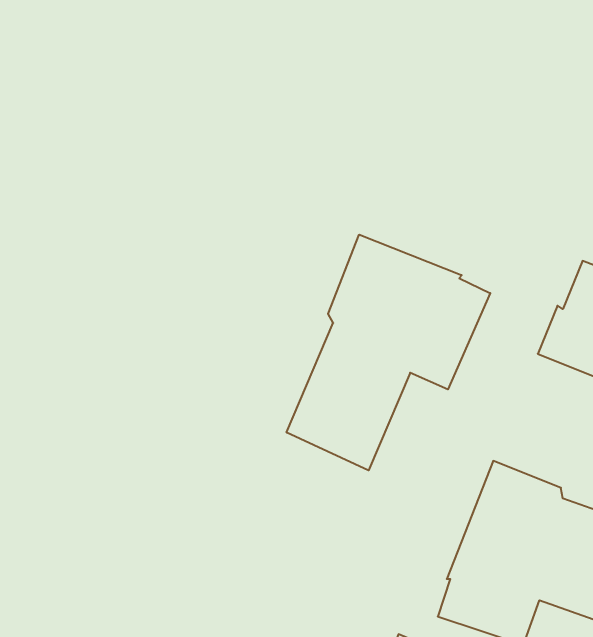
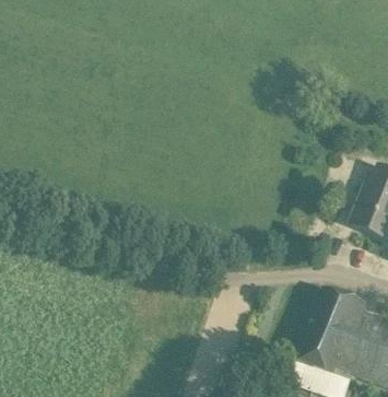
building: [287,235,490,470] -> none

